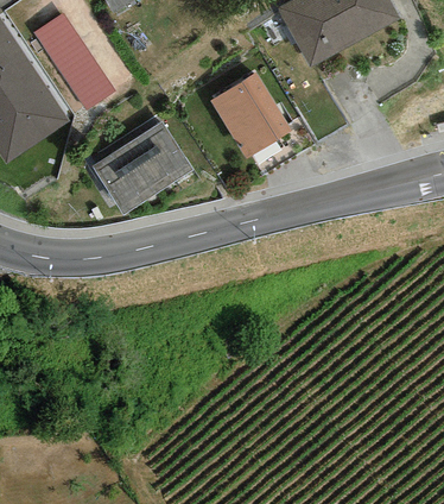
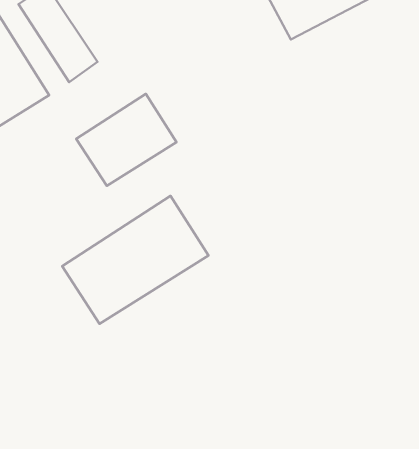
building: [210,71,291,157] -> none
building: none -> [62,196,208,324]

